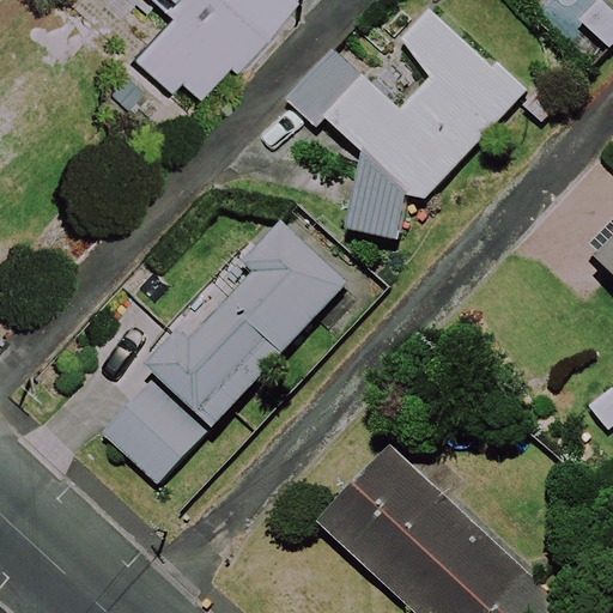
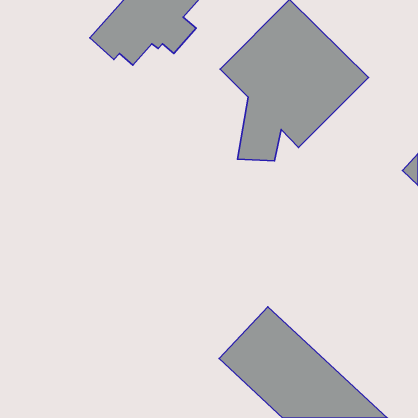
building: [101,221,344,484] -> none

